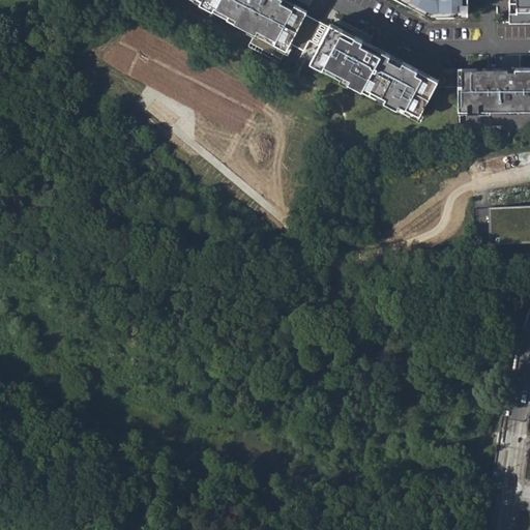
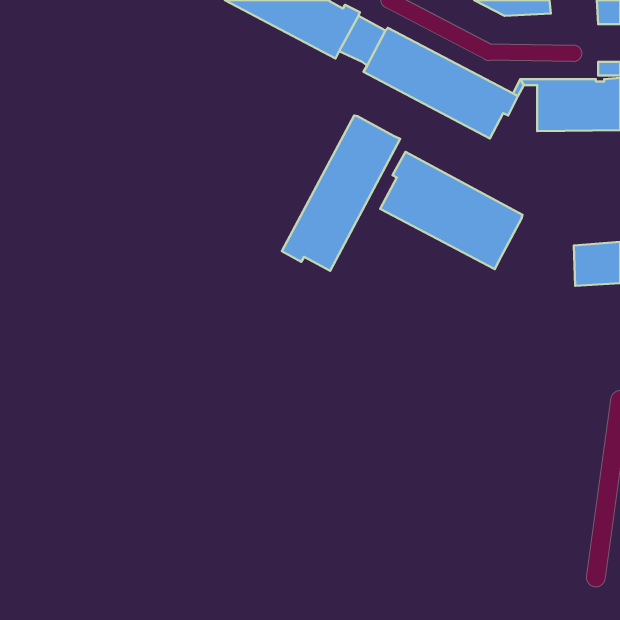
building: none -> [282,116,400,271]
building: none -> [380,152,523,269]

